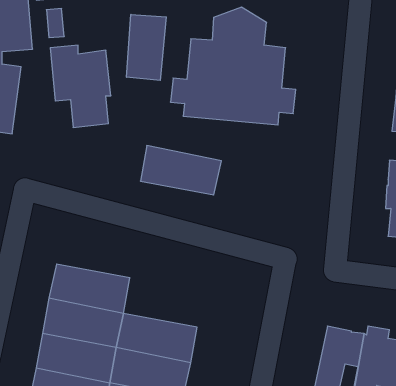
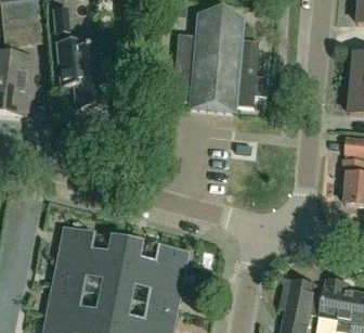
building: [127,14,166,80] -> none
building: [140,146,221,195] -> [119,239,188,281]

